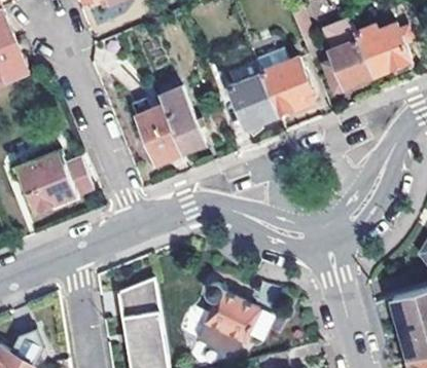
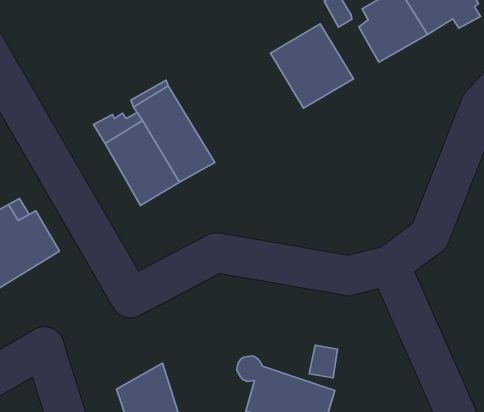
building: [226,73,277,128] -> none

